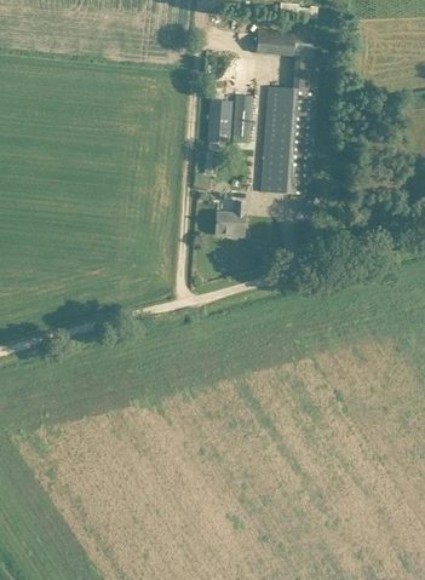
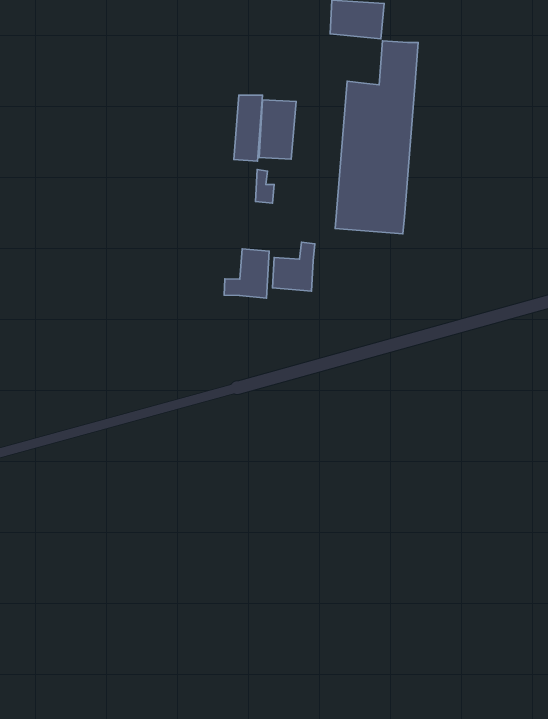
building: [229,96,249,143] -> [234,95,263,161]
building: none -> [224,249,269,298]

